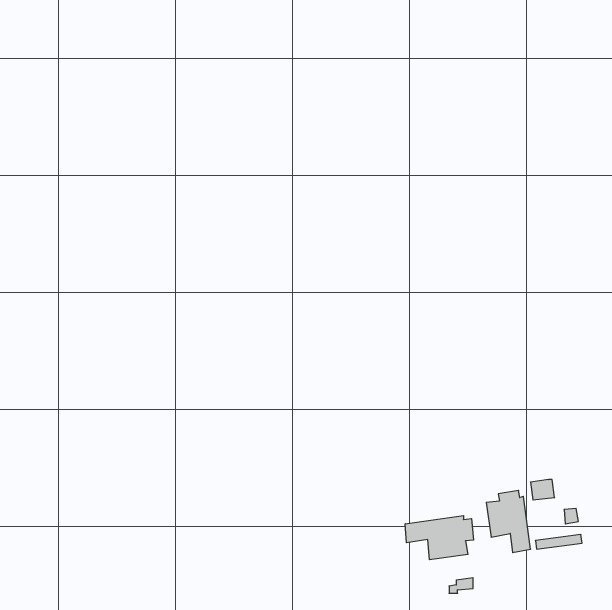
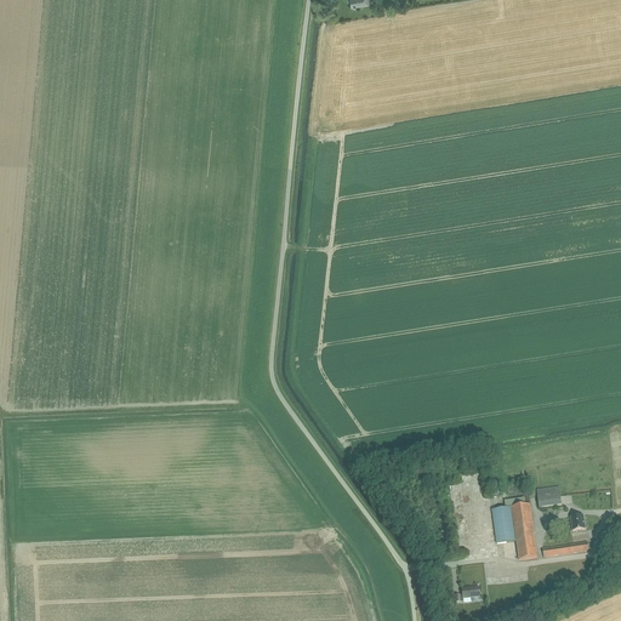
building: [405,516,473,560] -> none

